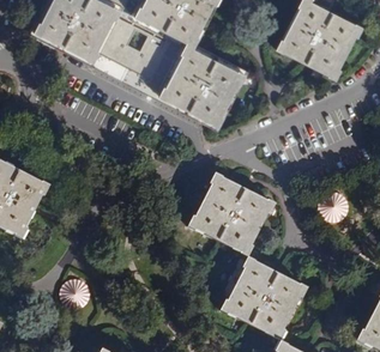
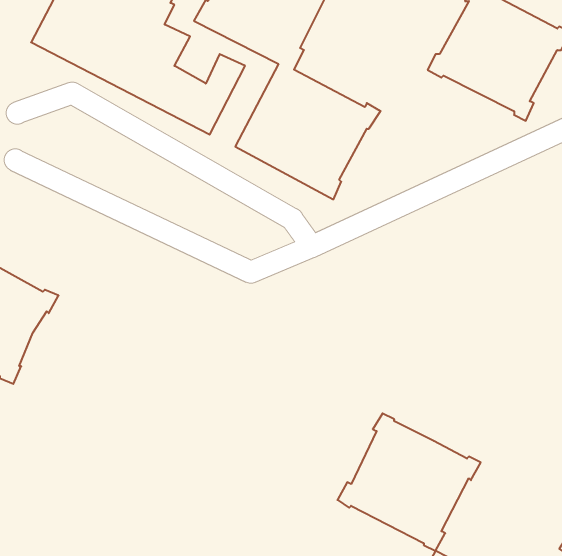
building: [188,172,276,257] -> none

